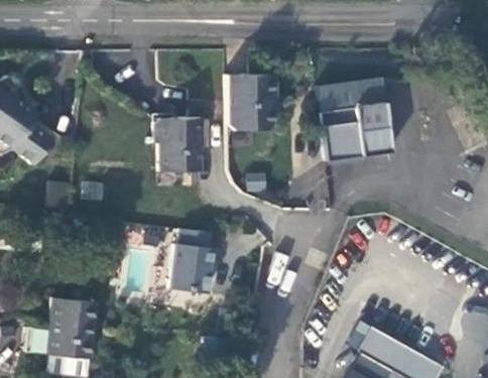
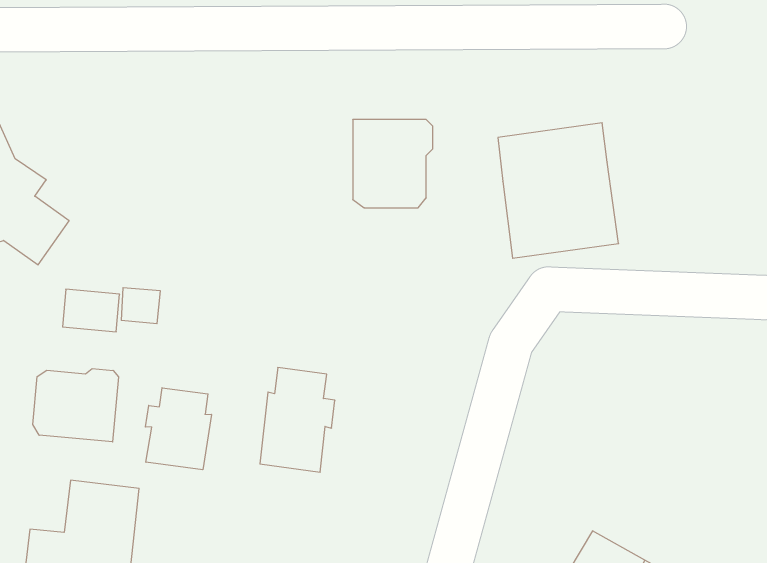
building: [155,117,203,170] -> none
building: none -> [33,369,119,442]
building: none -> [145,388,211,470]

